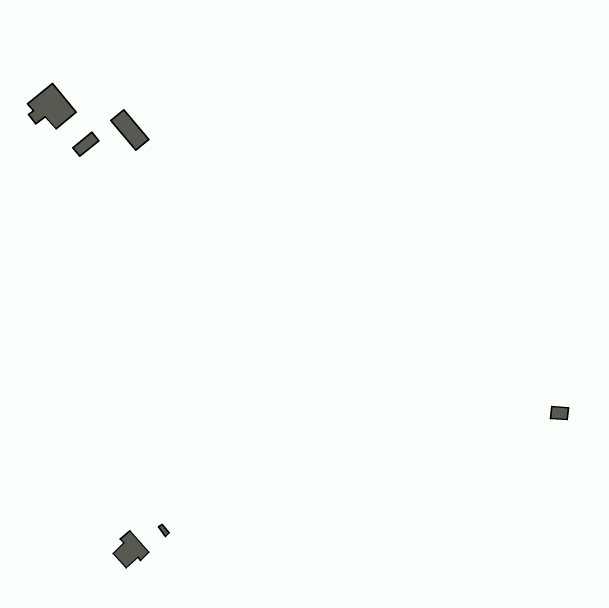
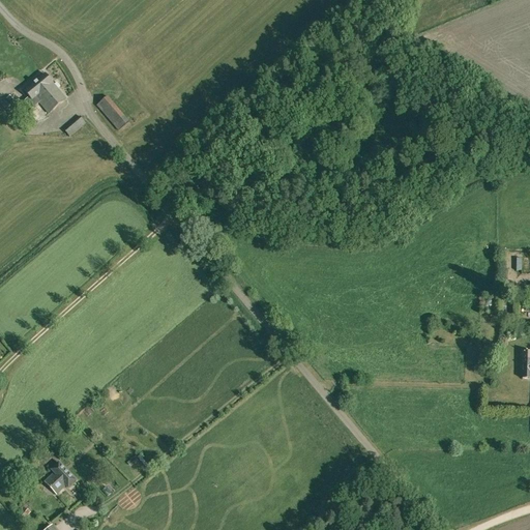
building: [113,531,149,568] -> [45,462,76,494]

